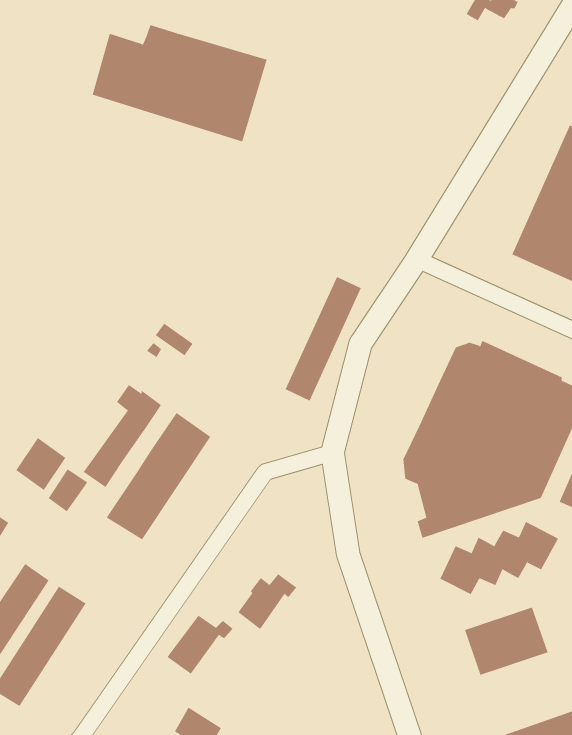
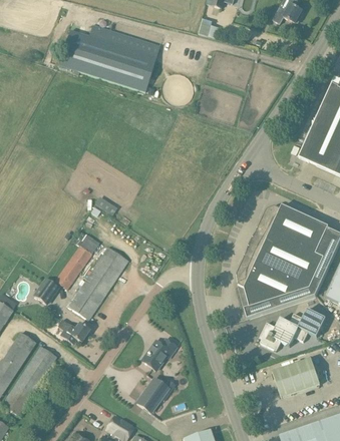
building: [285,276,362,401] -> none
building: [16,437,66,491] -> none
building: none -> [57,318,89,343]
building: [167,615,233,674] -> [135,378,174,412]

